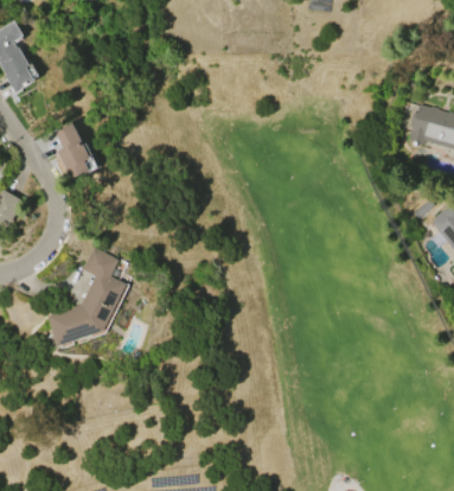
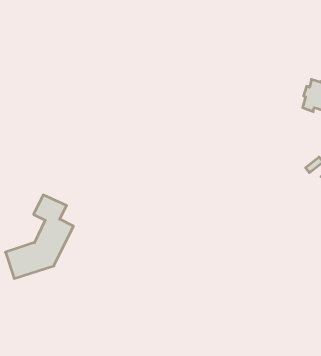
building: [55,123,91,180] -> none

